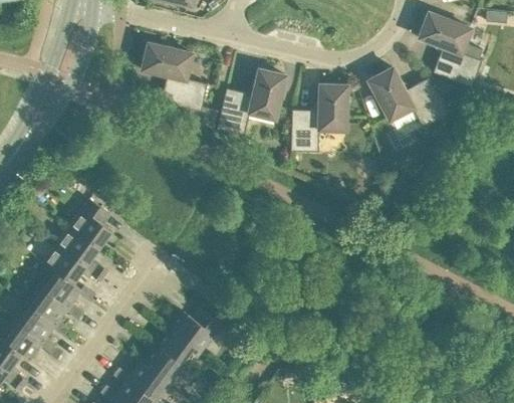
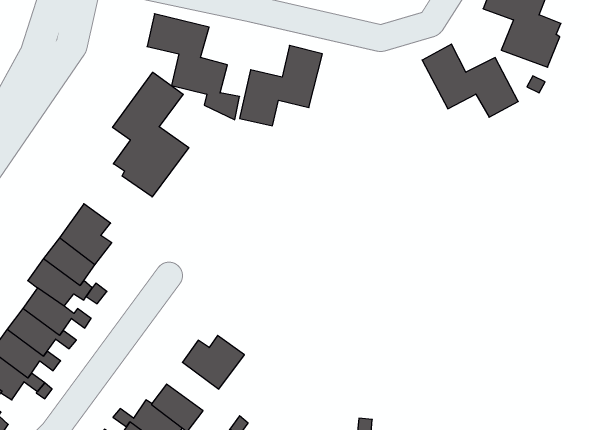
building: [290,84,346,152] -> none
building: none -> [113,72,189,197]
building: [157,330,200,370] -> none

